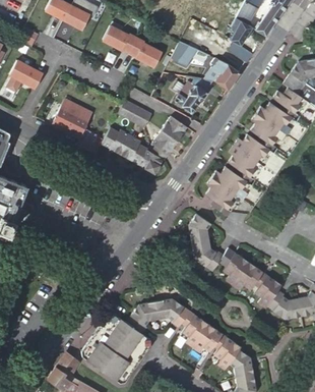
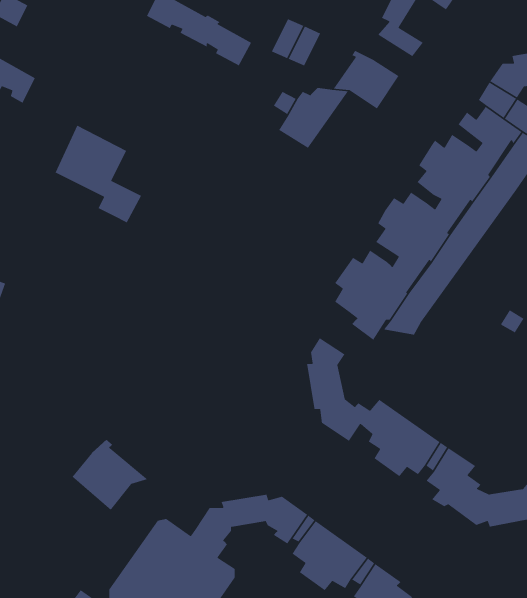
building: [115,98,149,125] -> none
building: [100,115,186,173] -> none
building: none -> [71,439,149,511]

